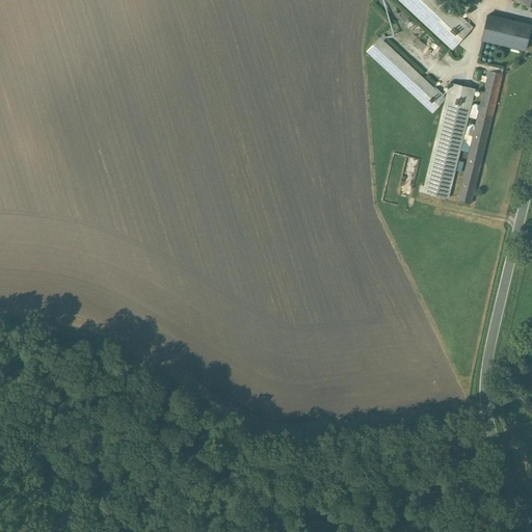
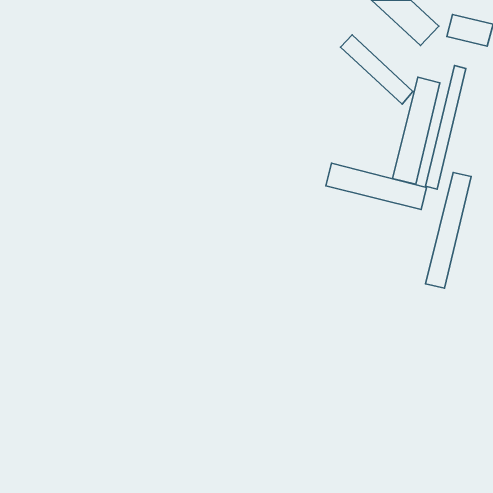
building: none -> [326,163,426,209]
building: none -> [426,172,471,288]

